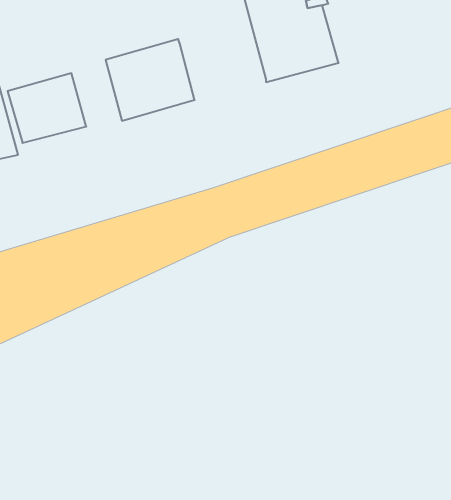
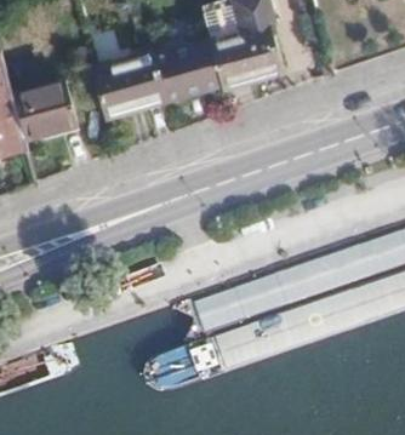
building: none -> [153,39,223,101]

